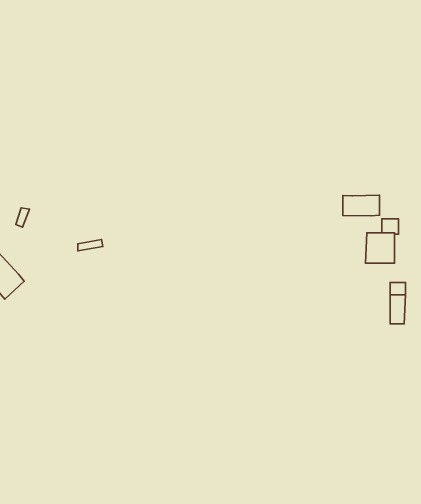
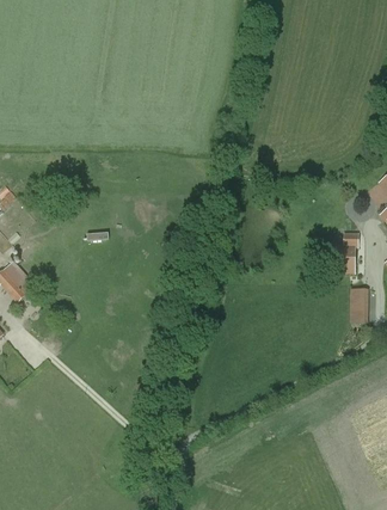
building: [343,195,379,216] -> none

